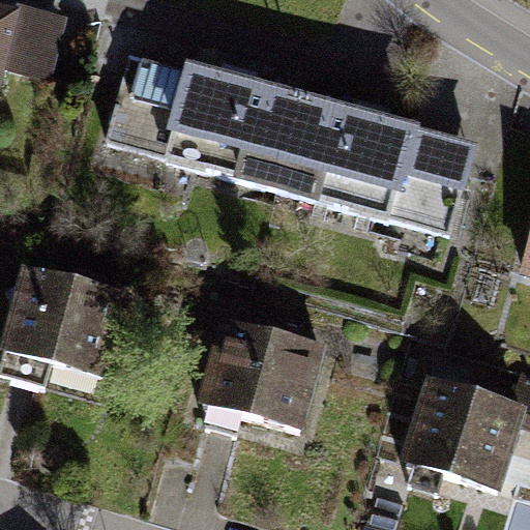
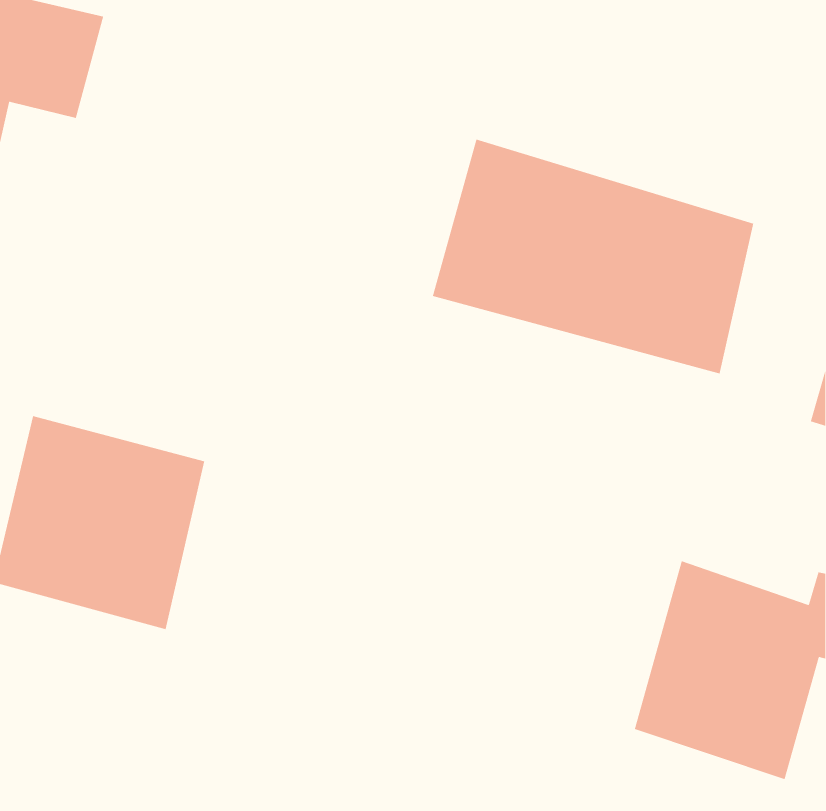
building: [100,46,302,188] -> none
building: [193,316,327,441] -> none

